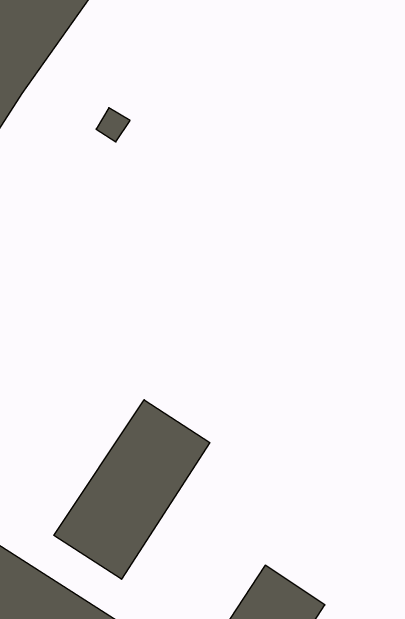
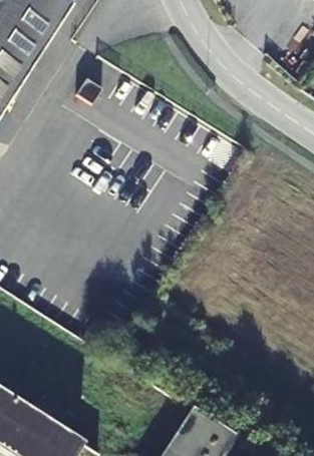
building: [54,400,210,579] -> none

